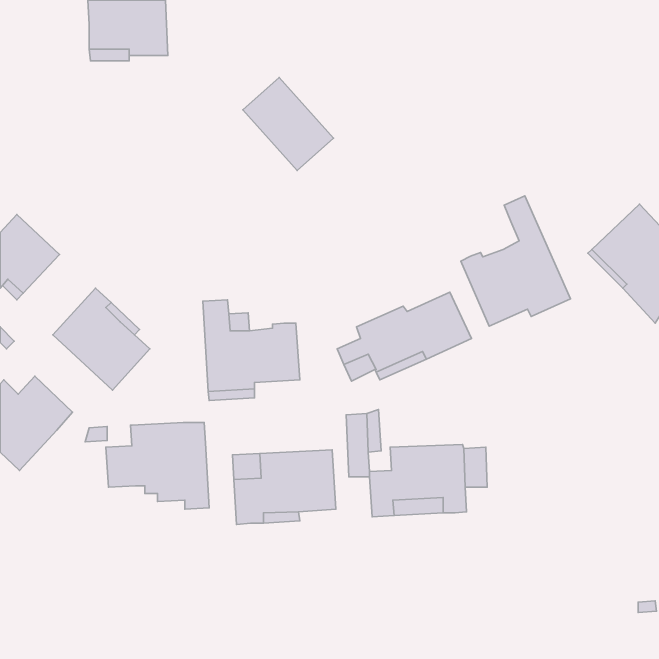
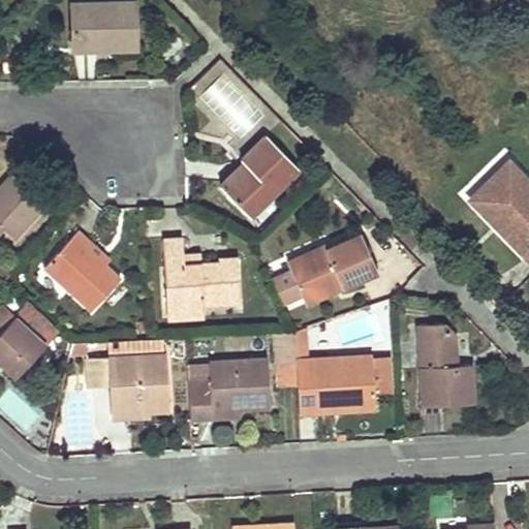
building: none -> [220,137,298,218]
building: [461,196,571,326] -> none
building: none -> [418,323,474,407]
building: none -> [110,390,168,423]

